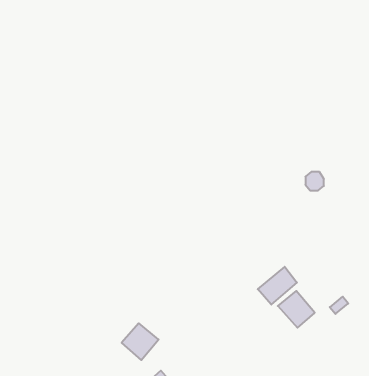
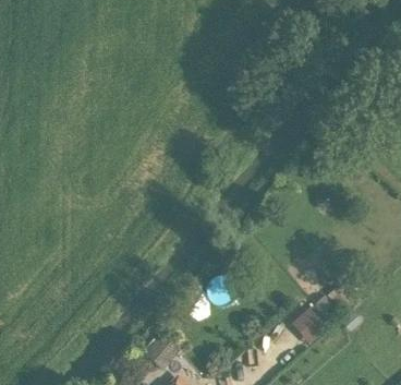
building: [258,267,297,305] -> none

